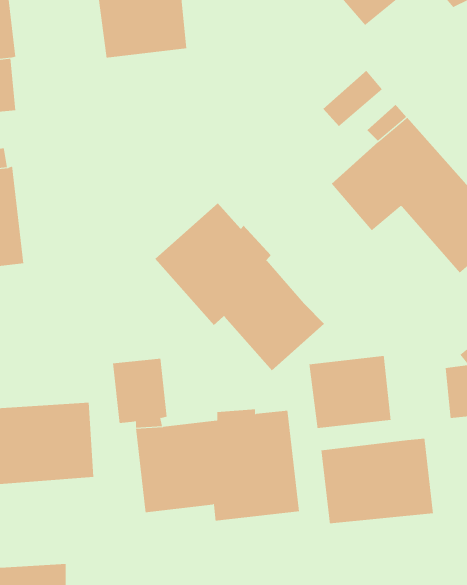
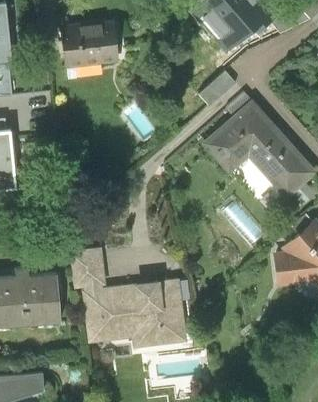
building: [154,203,325,371] -> none
building: [309,355,391,429] -> none
building: [321,438,434,524] -> none

